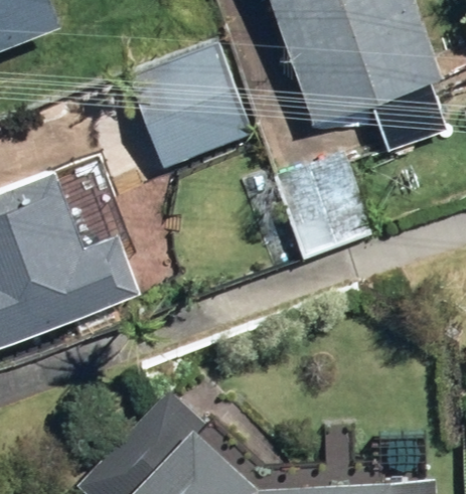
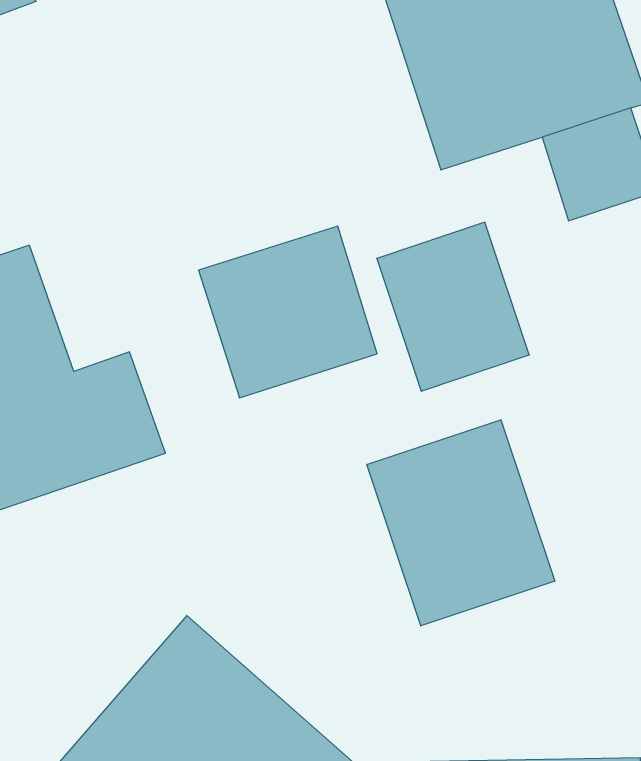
building: [131,49,241,155] -> [199,226,377,398]
building: none -> [367,420,555,626]

